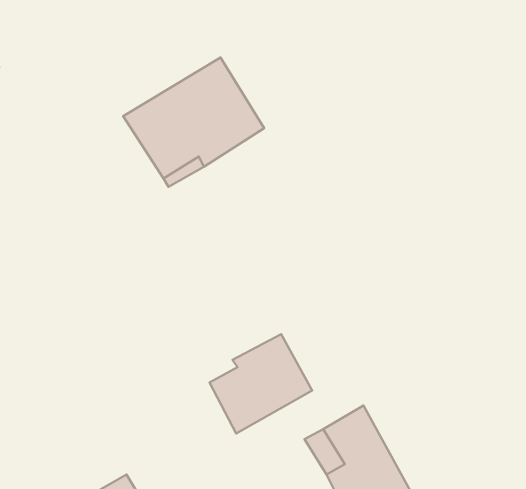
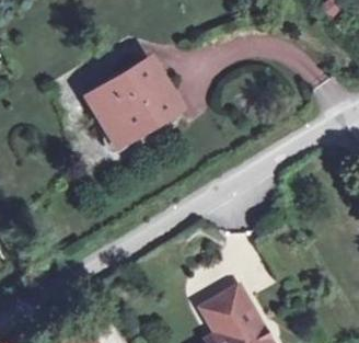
building: [210,334,312,433] -> none

